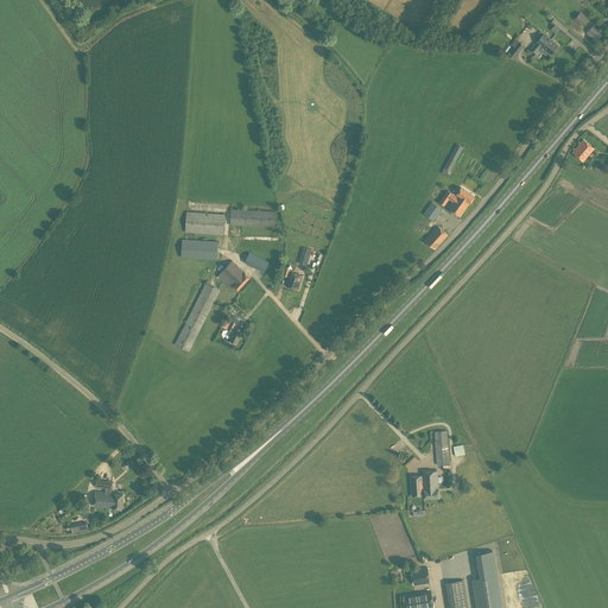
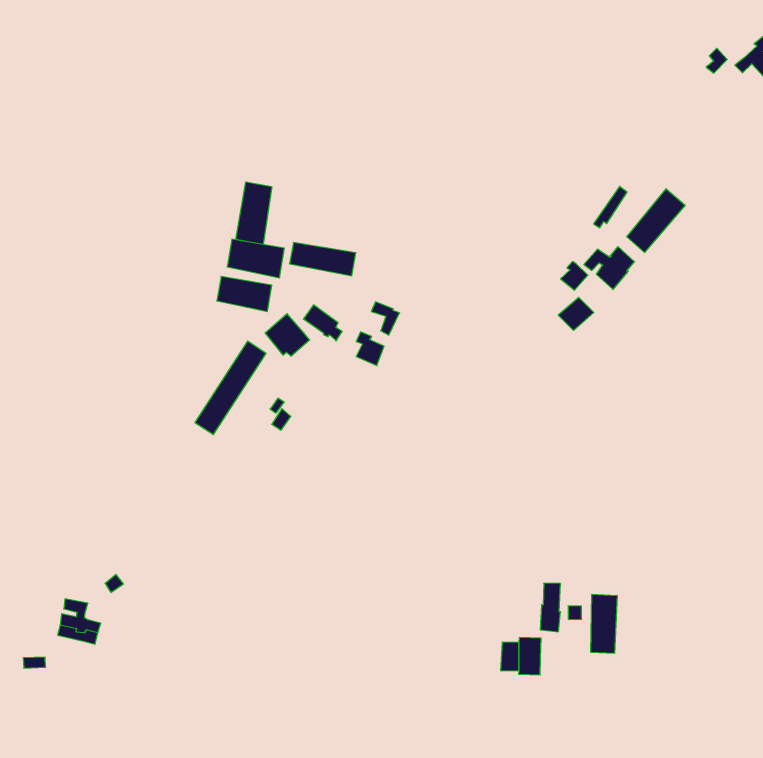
building: none -> [627,189,685,252]
building: none -> [236,182,272,244]
building: none -> [591,594,617,653]

